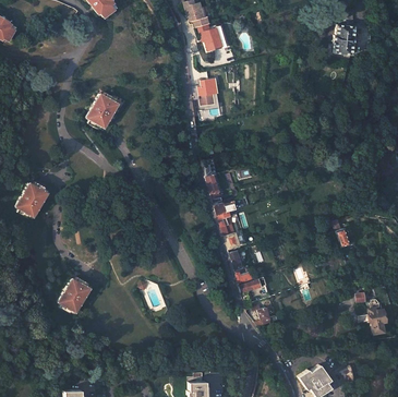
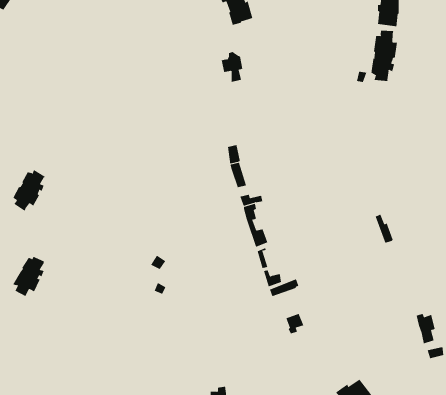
building: none -> [371,30,397,82]
building: [85,93,114,130] -> none
building: [57,277,85,313] -> [12,256,44,297]

